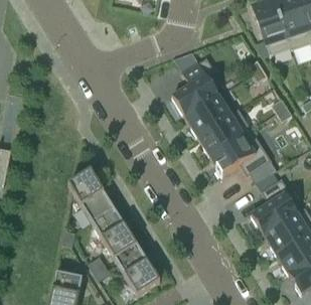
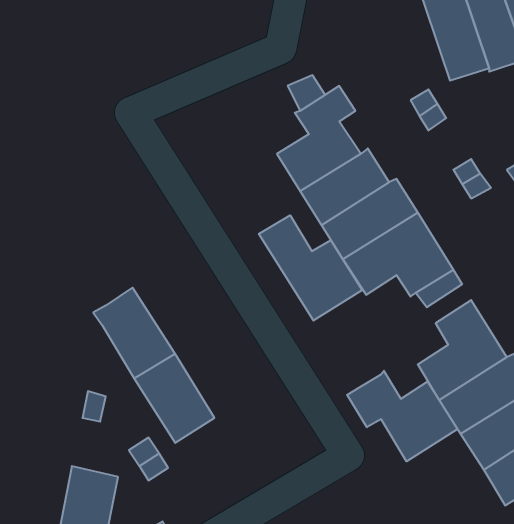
building: none -> [259,215,362,321]
building: none -> [347,371,457,461]
building: [114,244,159,295] -> none

